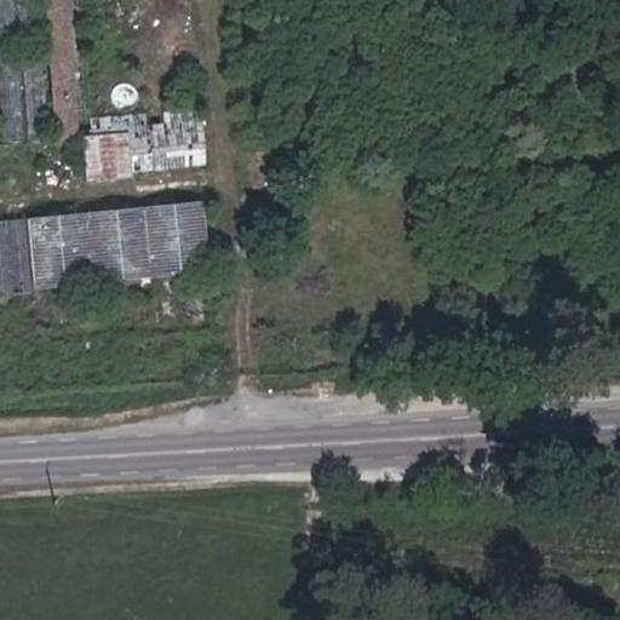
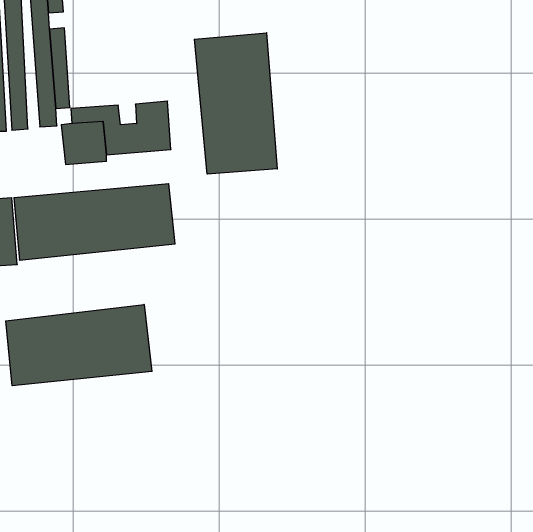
building: none -> [194,33,277,174]
building: none -> [6,304,152,386]

